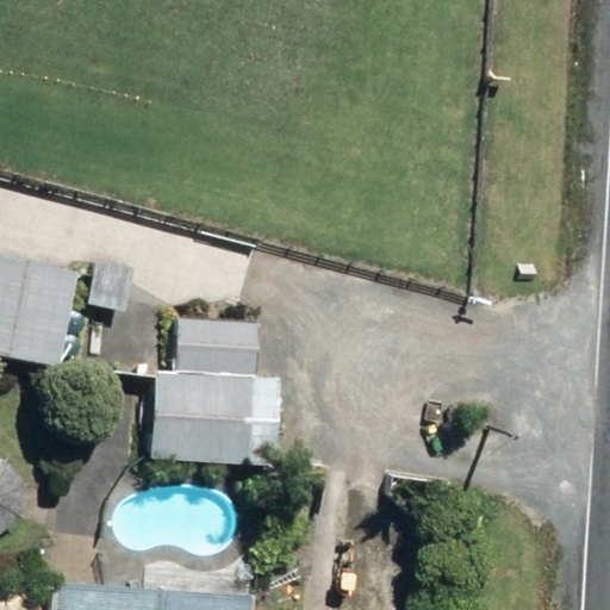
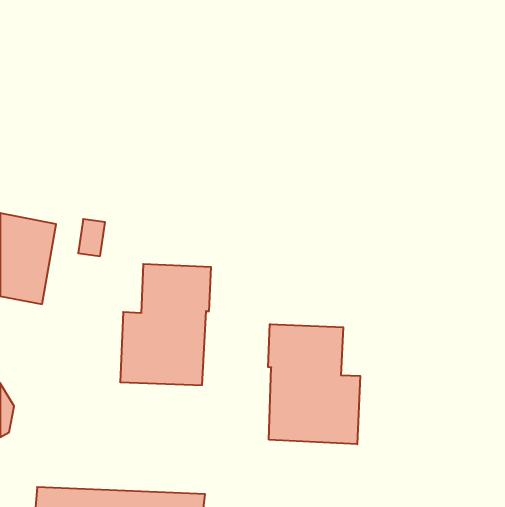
building: none -> [268,324,360,444]

